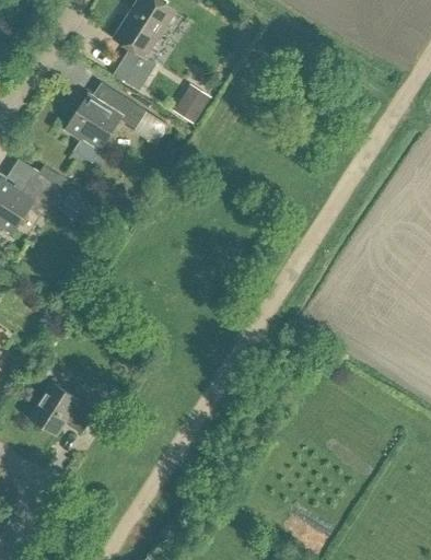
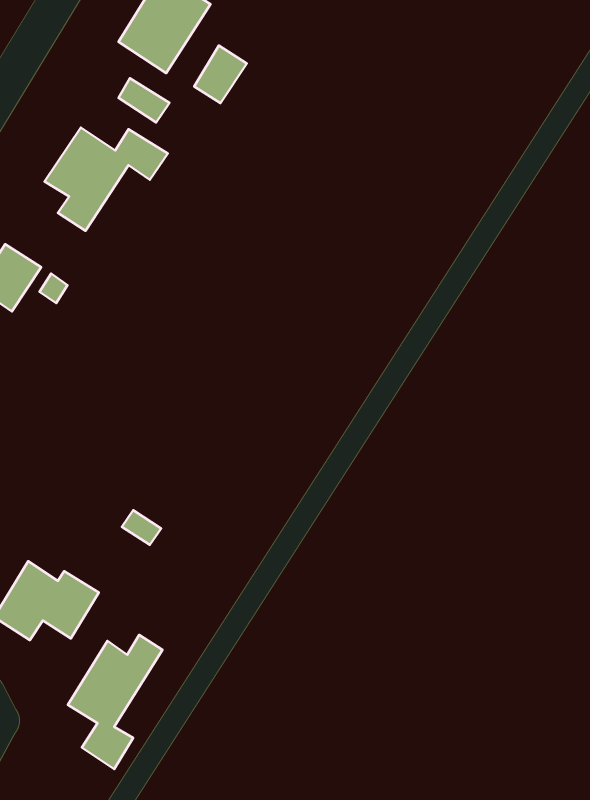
building: [175,83,210,121] -> [194,46,247,103]
building: none -> [68,635,163,769]

